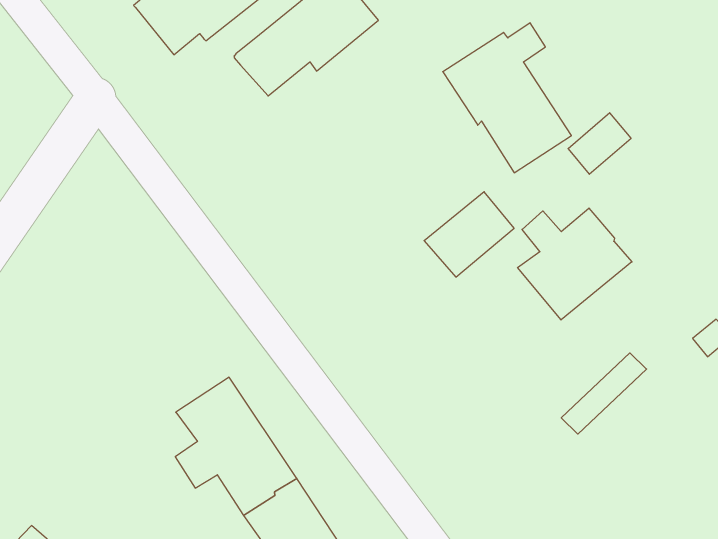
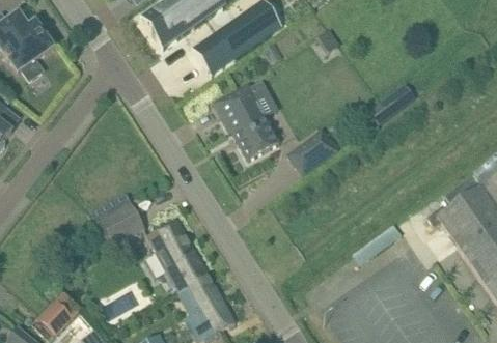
building: [443,23,571,173] -> [214,80,280,160]
building: [518,208,632,320] -> none
building: none -> [102,203,144,244]

